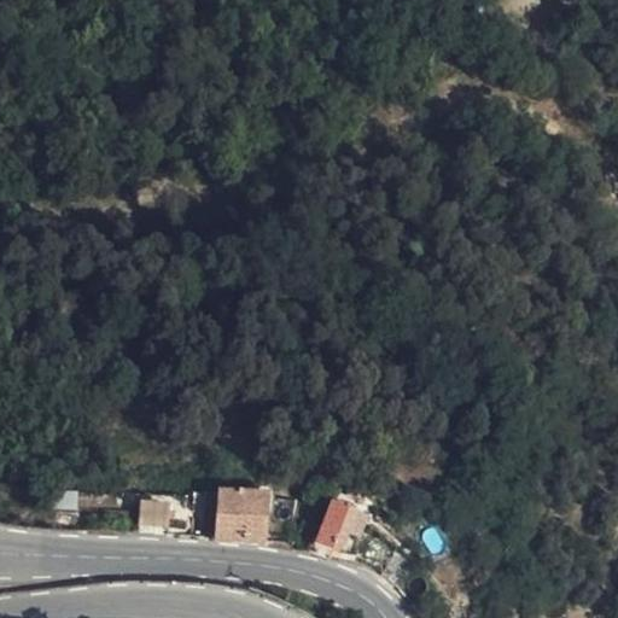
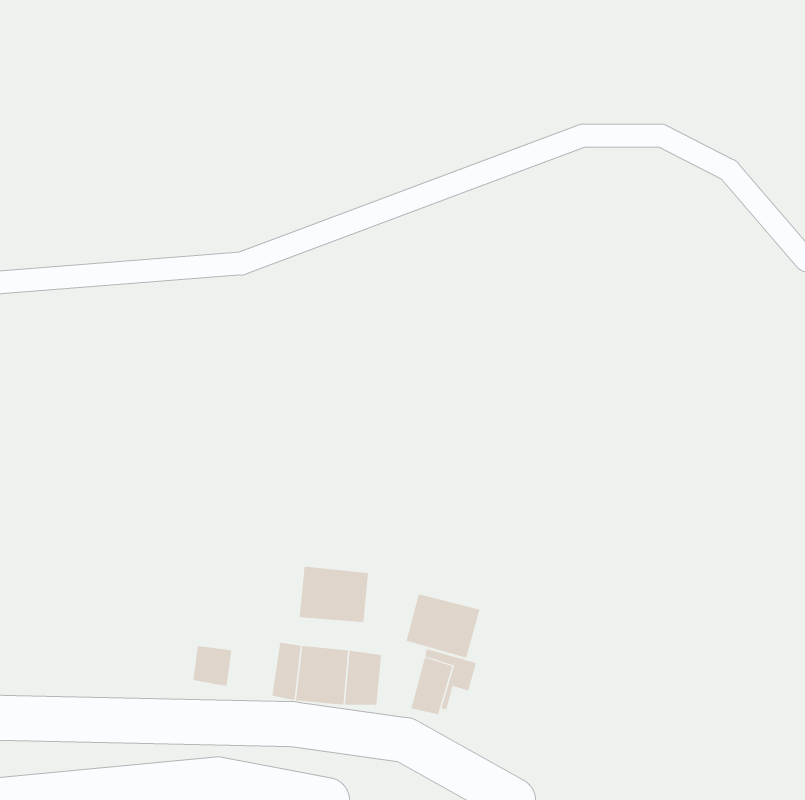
building: none -> [299,566,368,623]
building: none -> [406,594,480,658]

